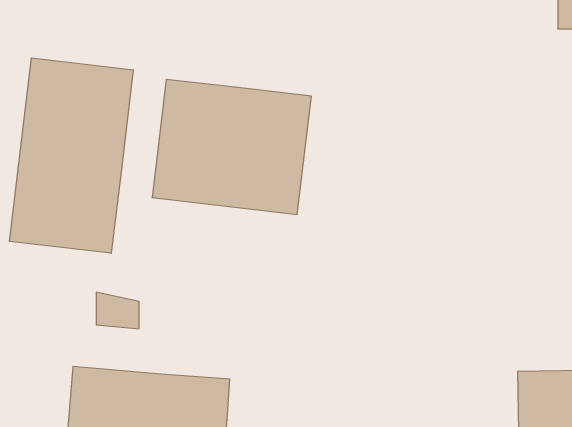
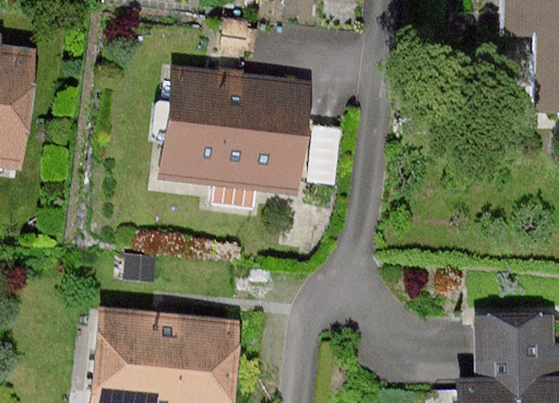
building: [9,58,133,253] -> none

